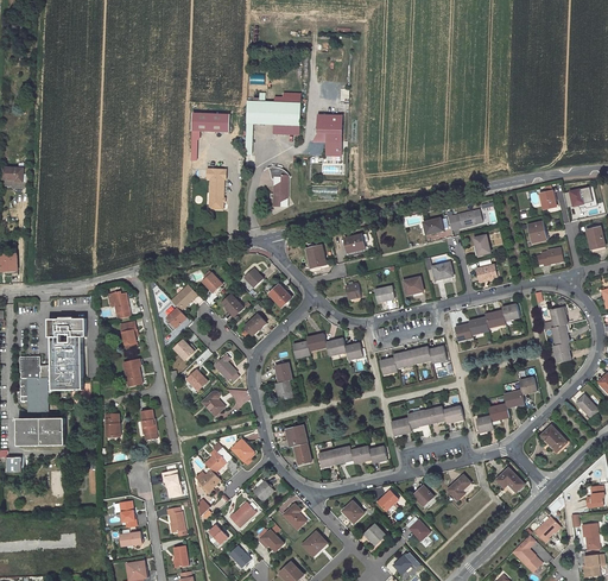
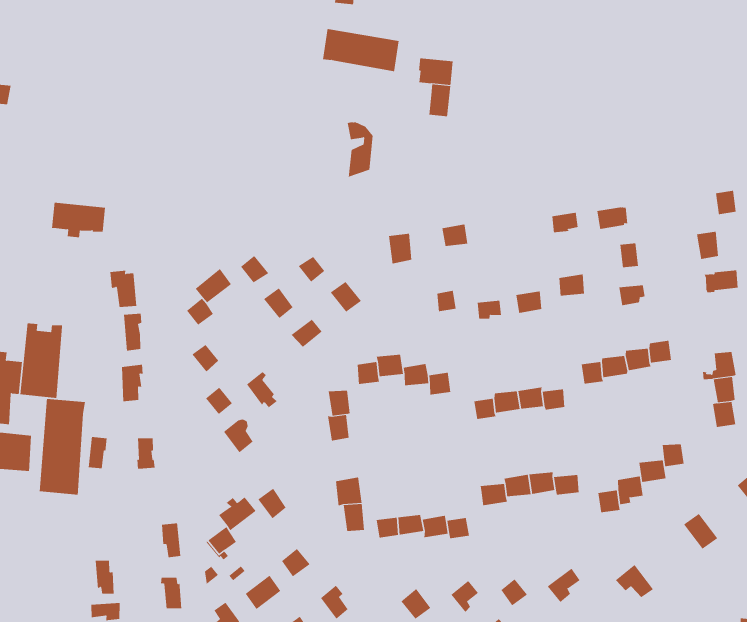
building: [192,114,230,133] -> none
building: [208,169,227,209] -> none
building: [49,318,87,342] -> [51,202,106,238]
building: none -> [39,398,85,495]

